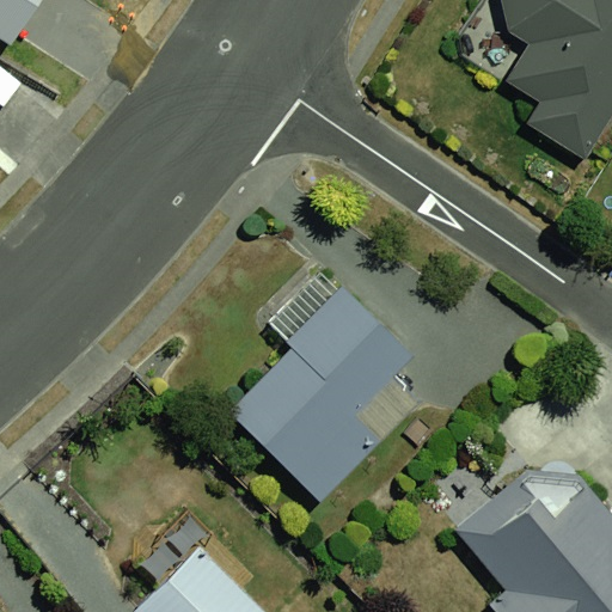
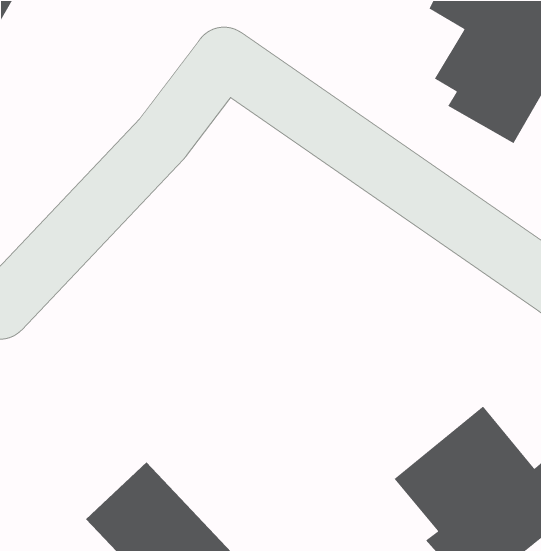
building: [226,287,435,498] -> none

